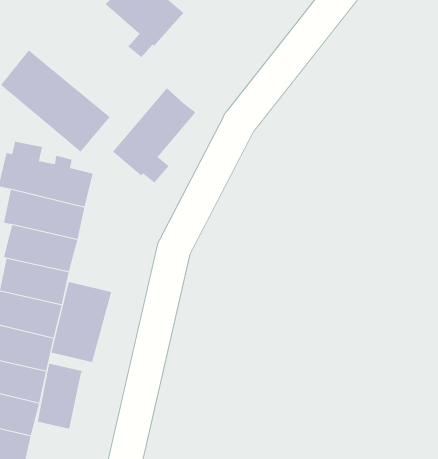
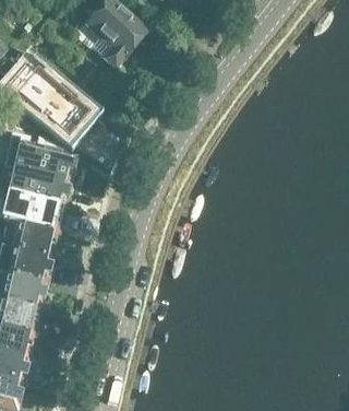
building: [112,88,196,183] -> none
building: [51,281,112,363] -> none
building: [37,363,82,429] -> none

